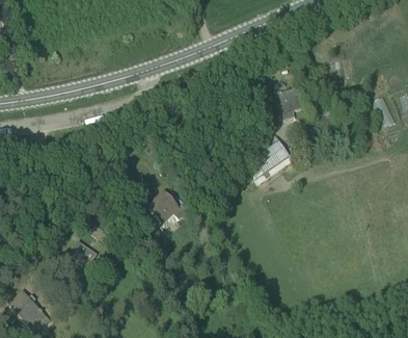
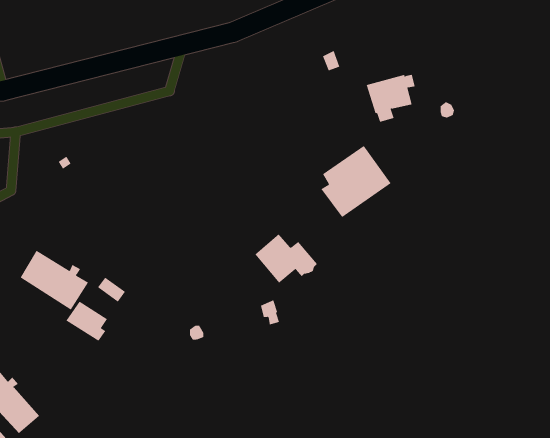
building: [145,189,189,224] -> [255,234,318,283]
building: none -> [20,250,89,311]

